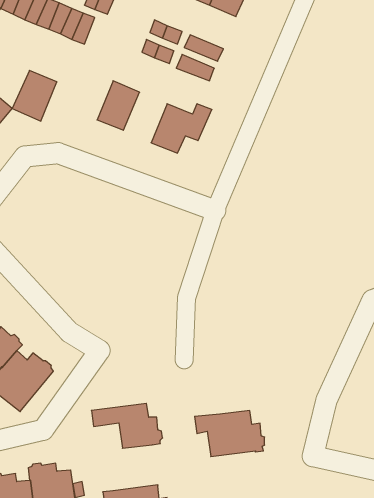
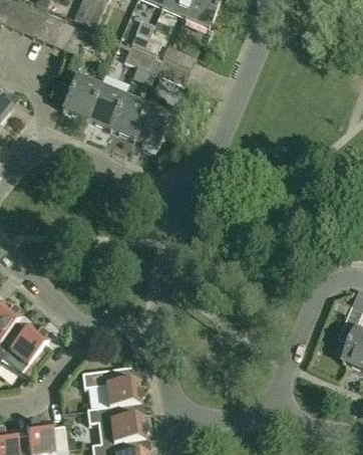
building: [12,70,57,121] -> [61,74,100,119]
building: none -> [109,94,147,139]
building: [195,411,265,457] -> [86,403,147,443]

